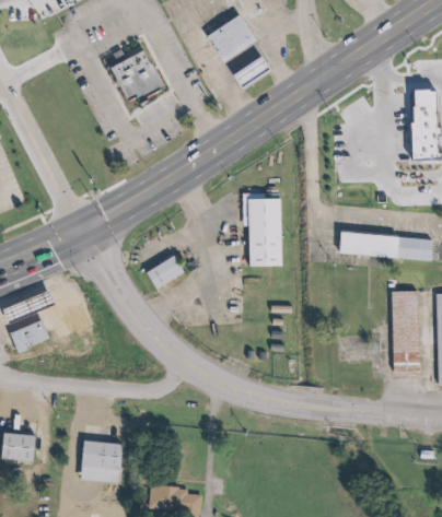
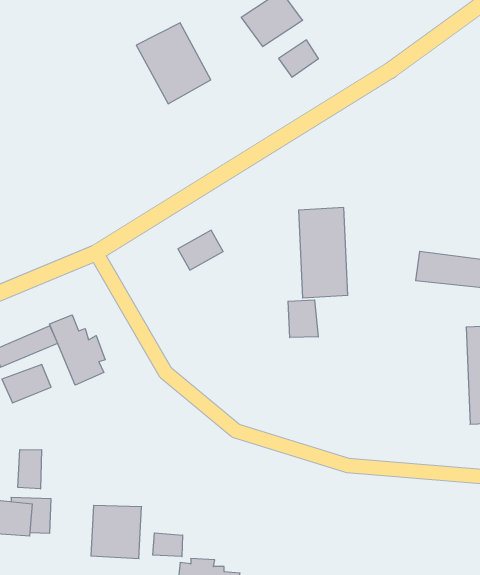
building: [143,258,181,291] -> [178,230,223,270]
building: none -> [288,300,318,338]
building: none -> [50,315,105,385]
building: none -> [18,450,42,489]
building: none -> [153,533,183,557]

